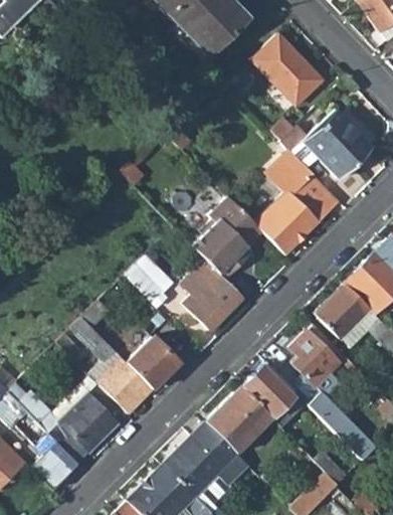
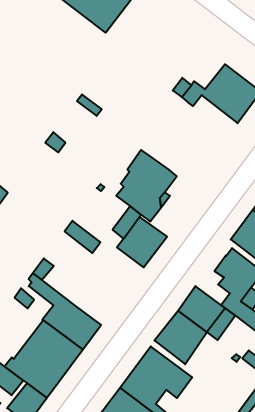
building: [254,34,323,105] -> none
building: [255,150,341,254] -> none
building: [126,336,178,388] -> none

